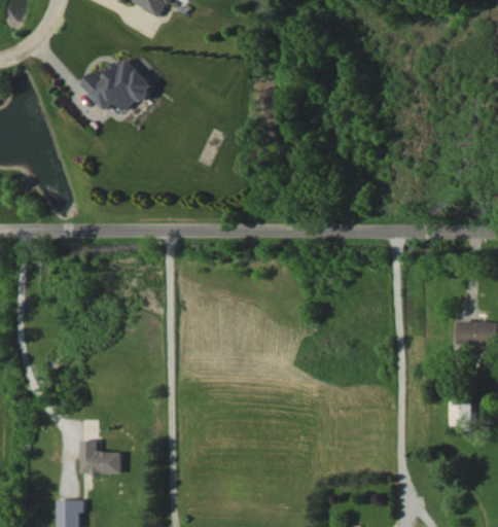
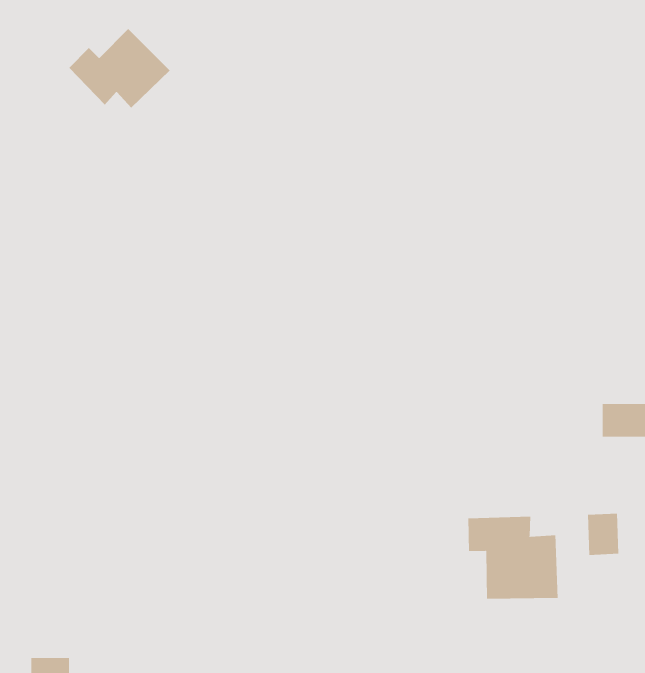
building: none -> [468,516,558,600]
building: [79,440,120,473] -> none

